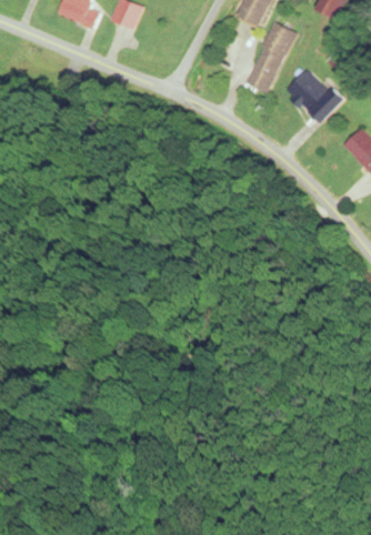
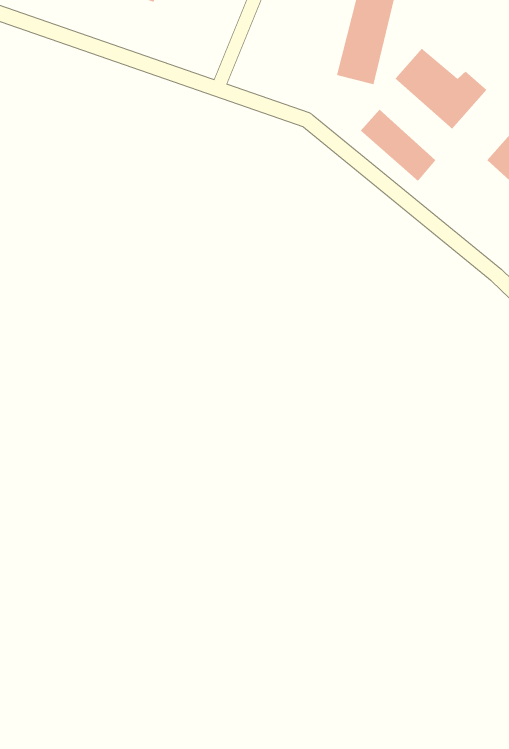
building: none -> [360,109,436,182]

